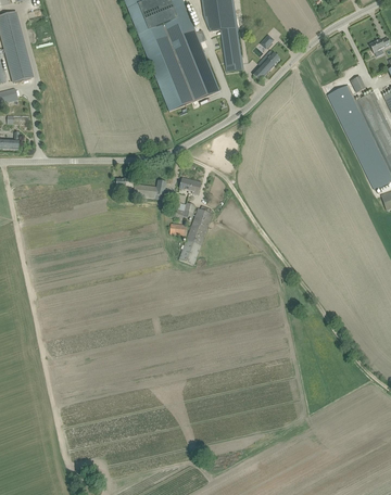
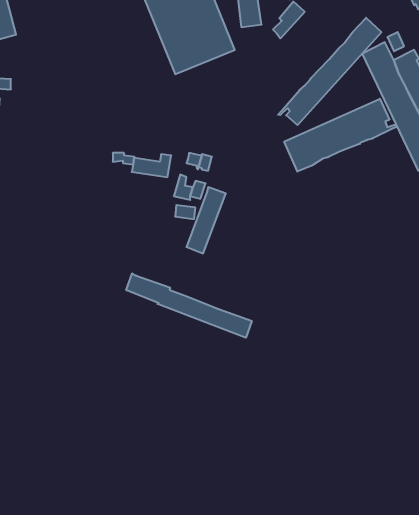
building: none -> [278,18,381,125]
building: none -> [284,99,397,172]
building: none -> [126,273,252,338]

